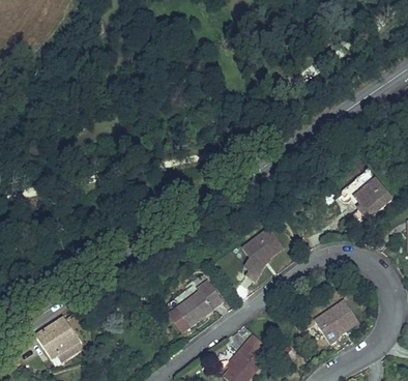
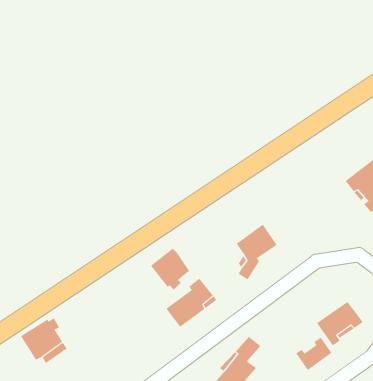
building: none -> [150,248,190,291]
building: none -> [295,337,332,371]

